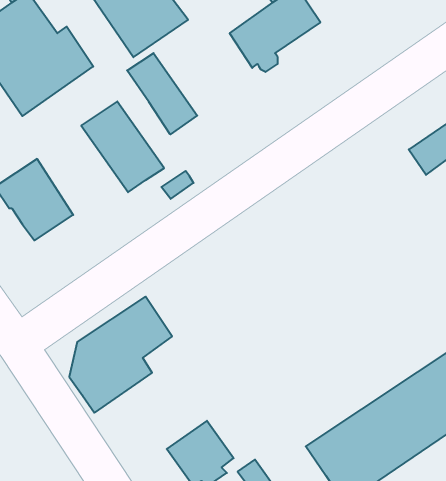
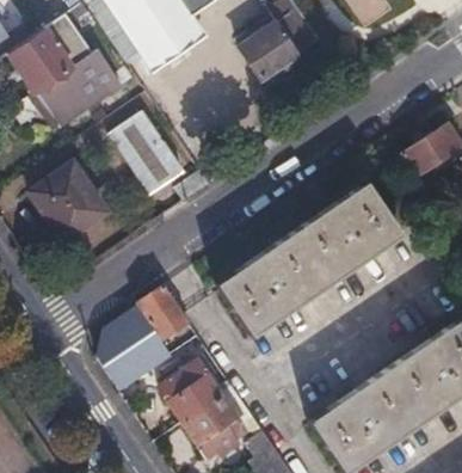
building: [127,53,197,134] -> none
building: none -> [217,184,401,336]
building: none -> [161,363,221,423]

